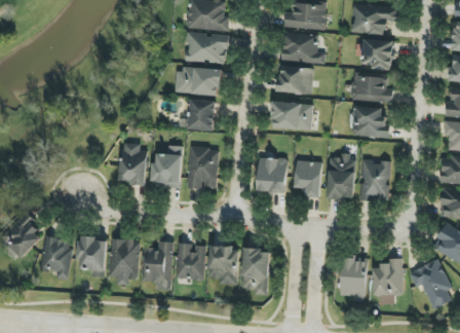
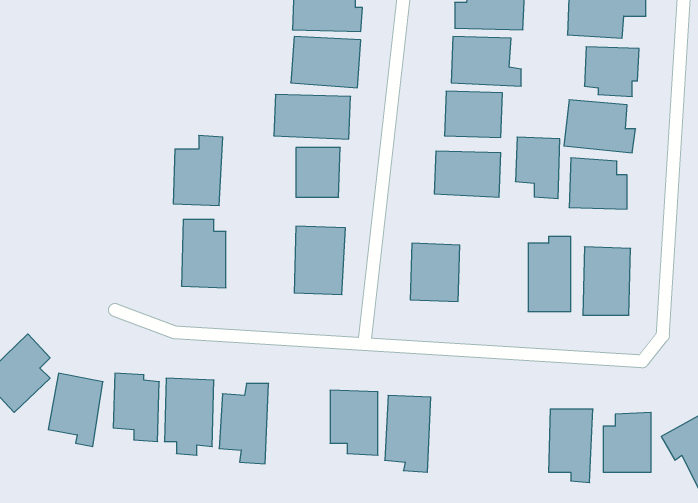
building: [153,145,183,187] -> [173,135,223,205]
building: [295,160,321,197] -> [515,137,560,199]
building: [177,243,205,280] -> none

